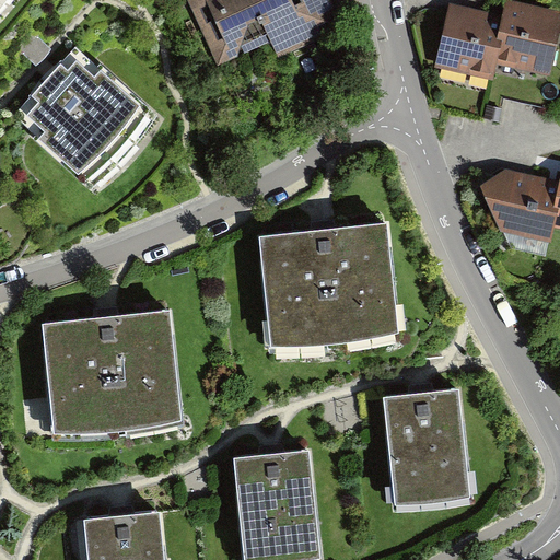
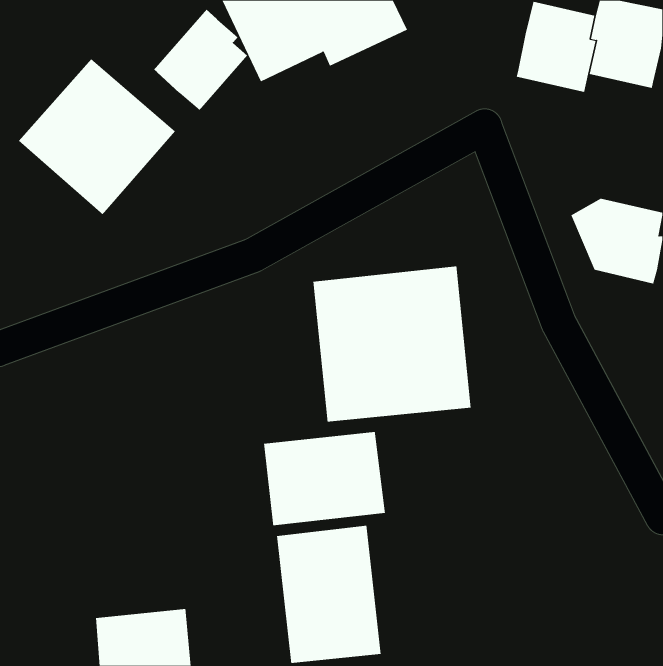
building: none -> [153,9,248,111]
building: [42,307,180,441] -> none
building: none -> [264,431,385,526]
building: [384,387,466,508] -> none

